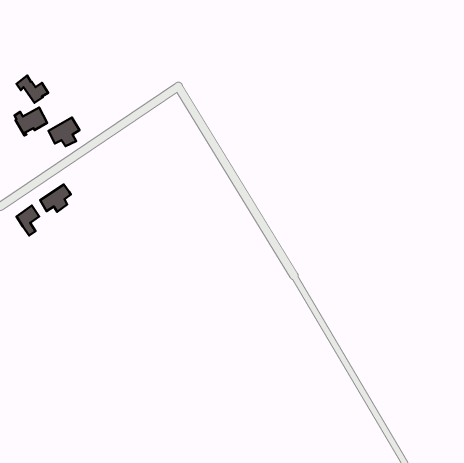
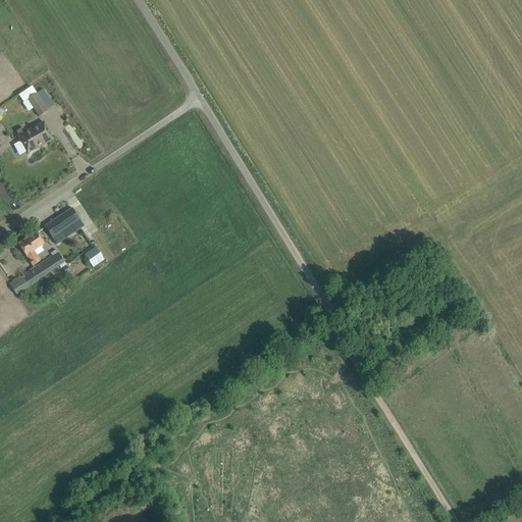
building: [48,118,80,146] -> none
building: none -> [9,251,66,294]

